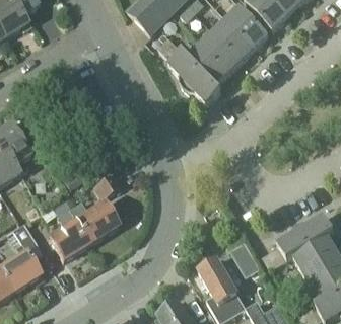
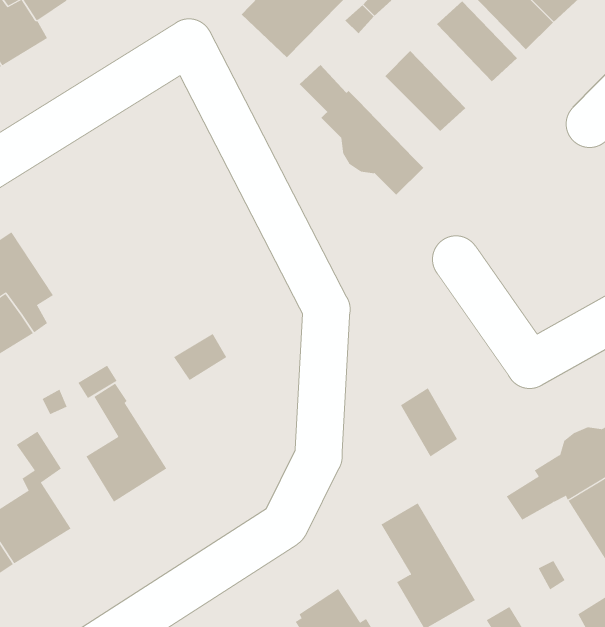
building: [213,16,255,59] -> none
building: [187,43,228,84] -> none
building: [68,200,118,242] -> none
building: [230,242,260,277] -> [400,387,458,457]

